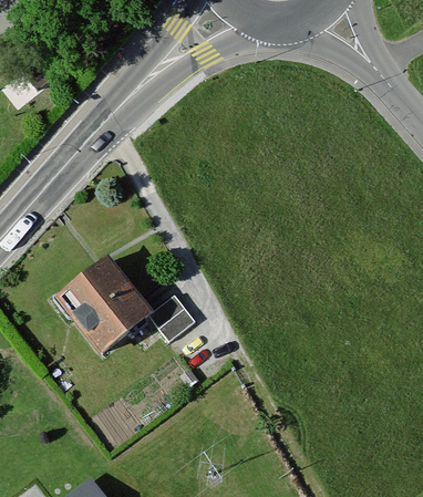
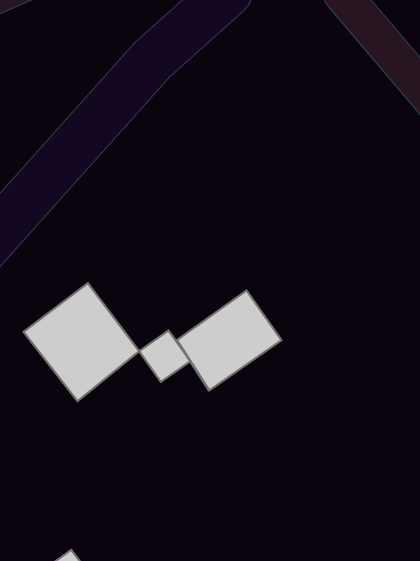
building: none -> [177,291,282,390]

